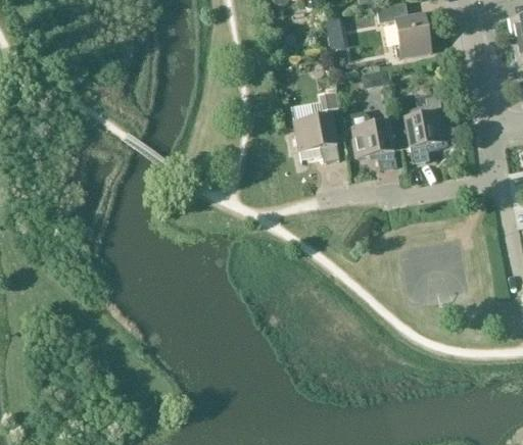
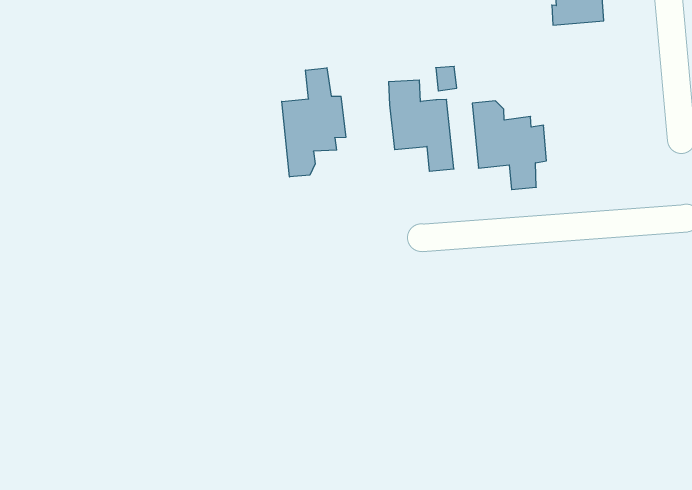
building: [398,96,449,164] -> none
building: none -> [282,68,346,177]

